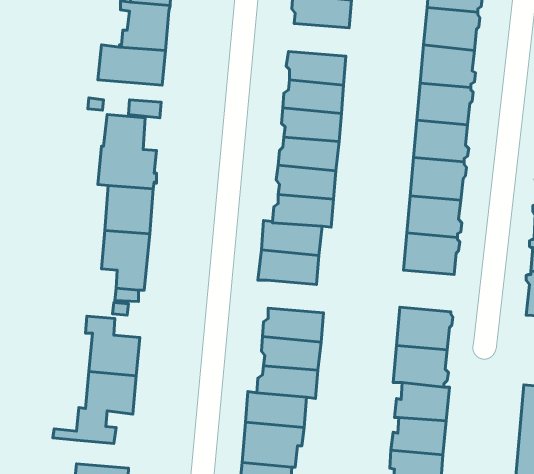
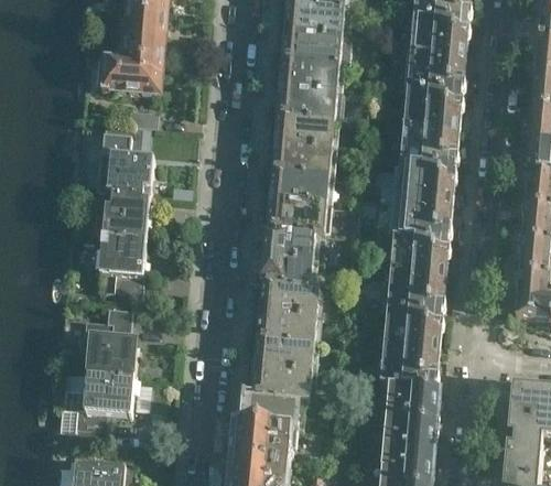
building: none -> [282,29,342,61]
building: none -> [391,270,445,311]
building: none -> [260,280,318,312]

